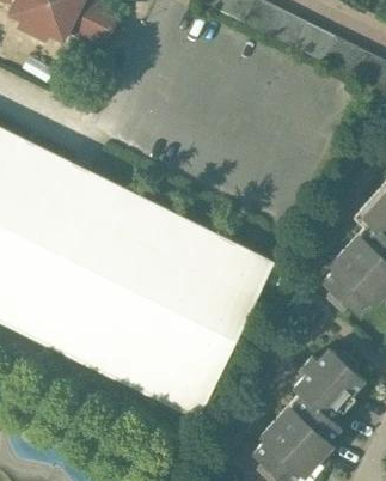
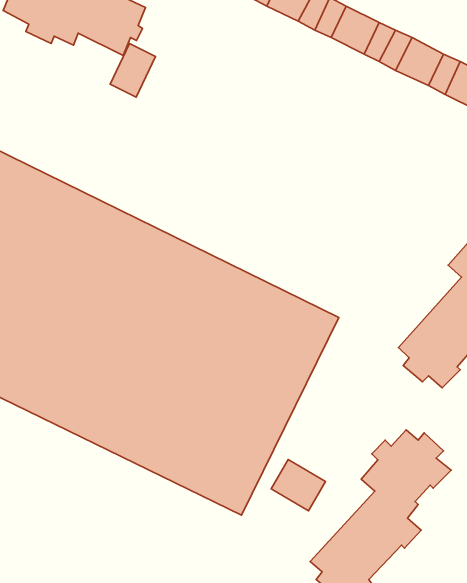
building: none -> [110,43,155,97]
building: none -> [271,459,326,511]

